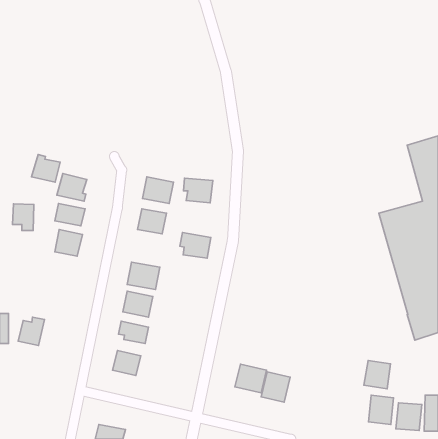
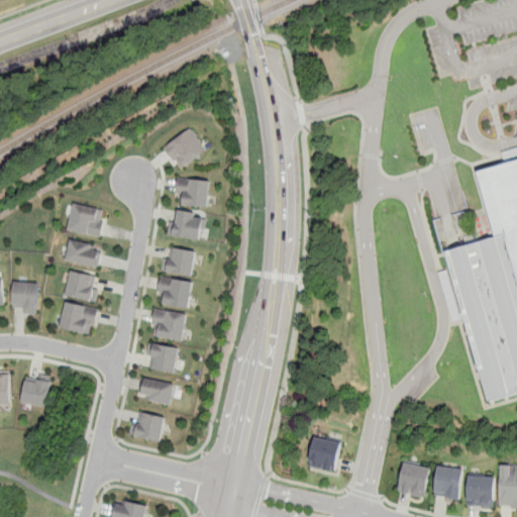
building: none -> [162,128,206,169]
building: [32,154,60,182] -> none
building: [184,178,213,203] -> [175,178,209,207]
building: [13,204,34,230] -> [12,282,37,313]
building: [180,232,211,258] -> [158,276,194,306]
building: none -> [60,303,97,335]
building: [364,360,390,389] -> [398,462,429,496]
building: [235,364,267,393] -> none

